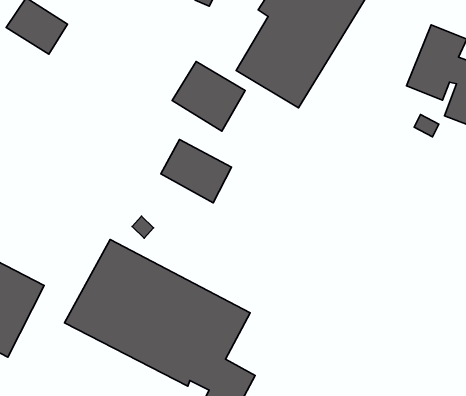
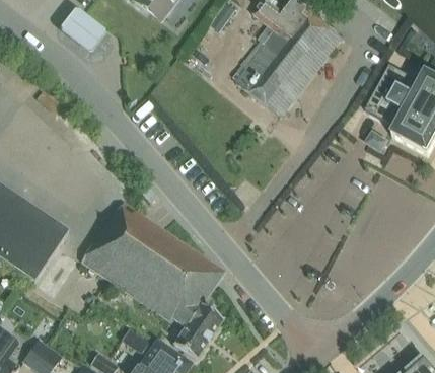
building: [172,61,245,131] -> none
building: [161,139,231,203] -> none

